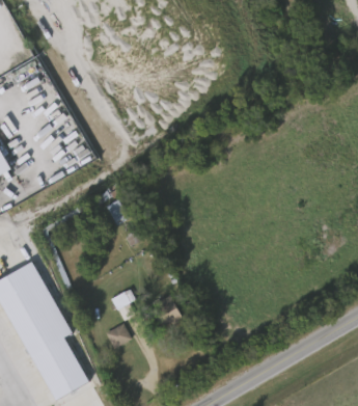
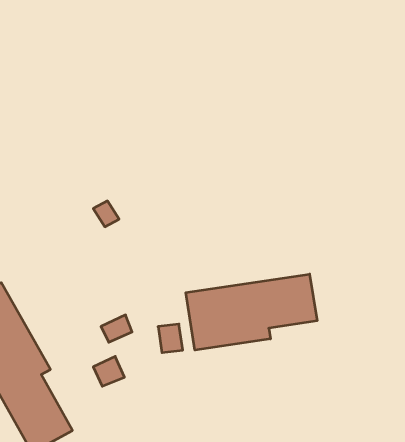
building: none -> [186,274,317,350]

